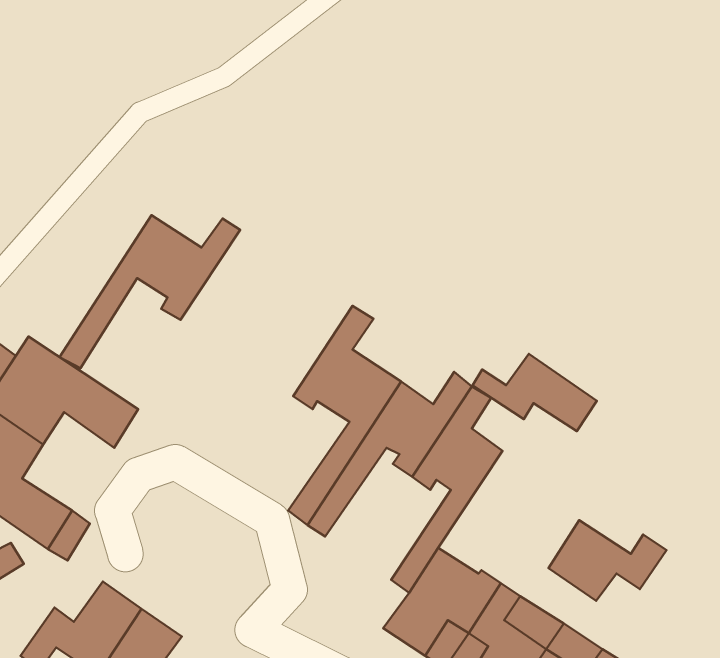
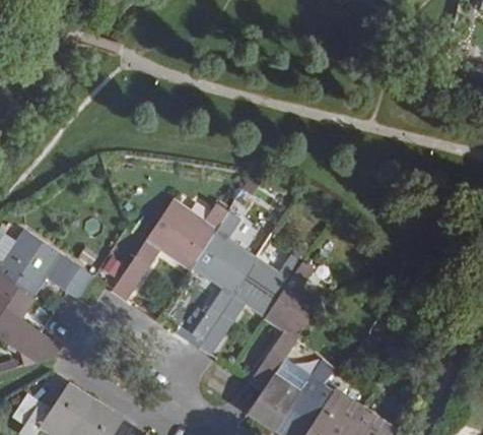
building: [60,215,240,368] -> [113,200,226,297]
building: [473,354,597,431] -> none
building: [548,520,667,601] -> none

